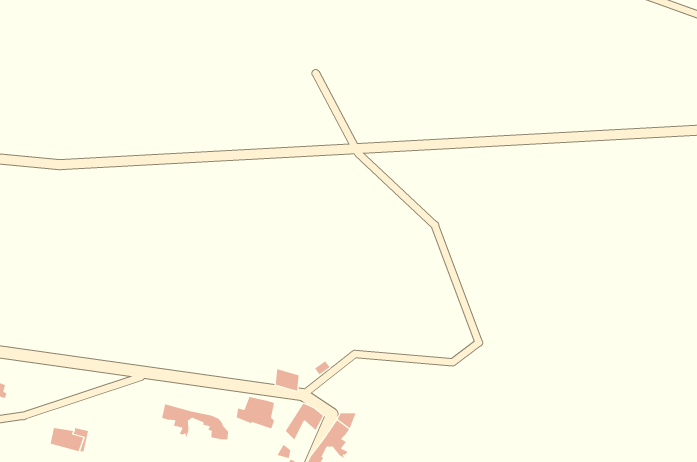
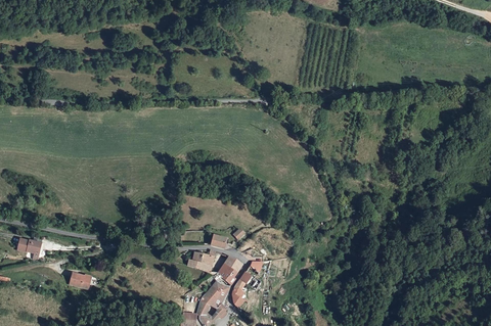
building: [161,403,229,440] -> none

